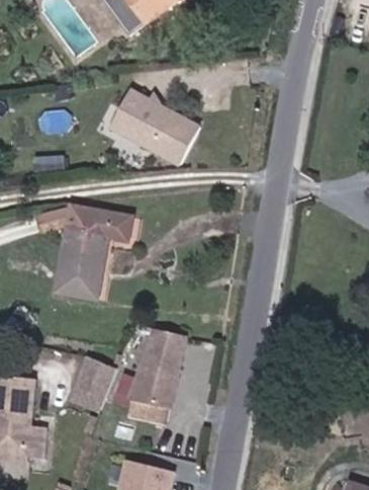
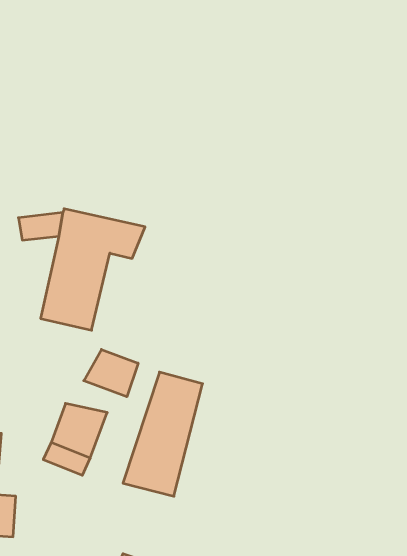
building: [117,91,208,168] -> none
building: none -> [84,349,138,397]

